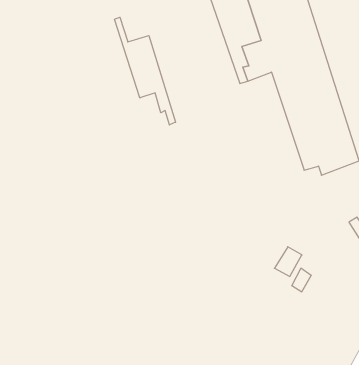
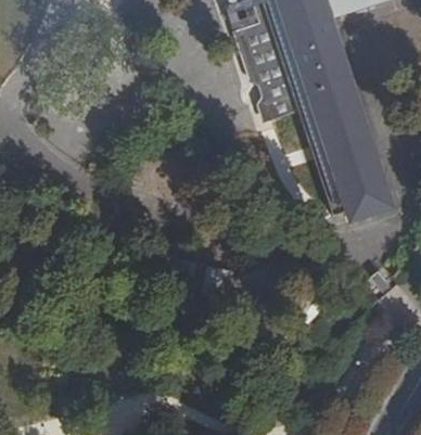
building: [114,17,176,125] -> none

